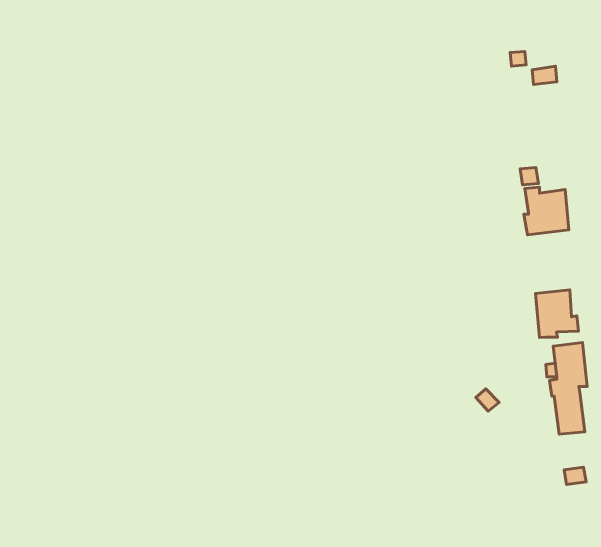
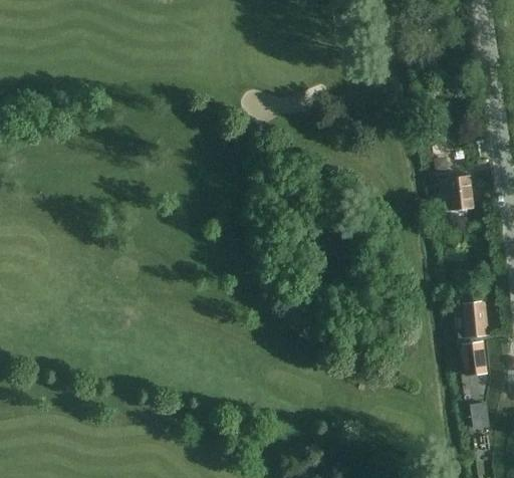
building: [536,290,578,337] -> none

